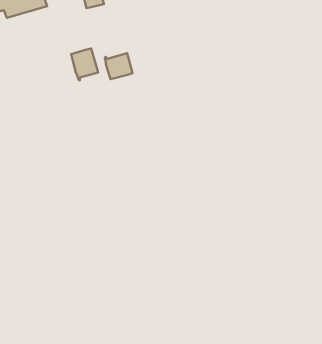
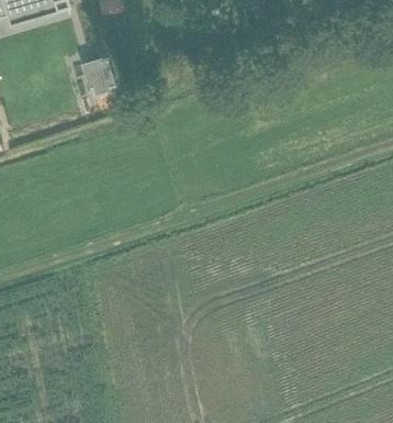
building: [105,53,133,79] -> none

